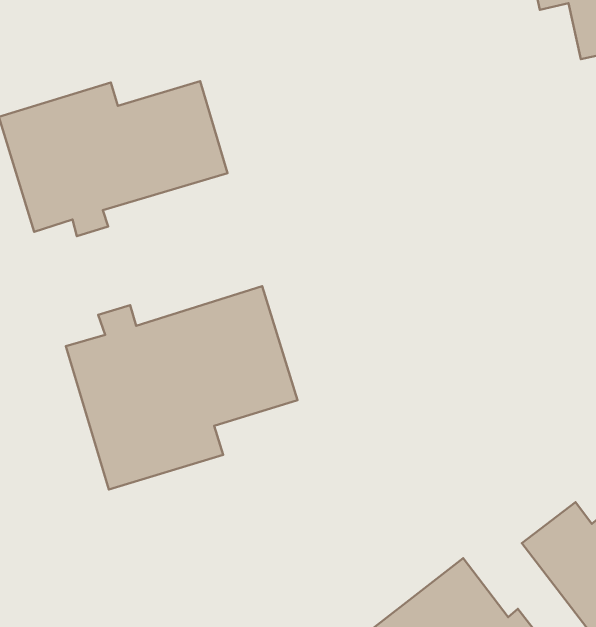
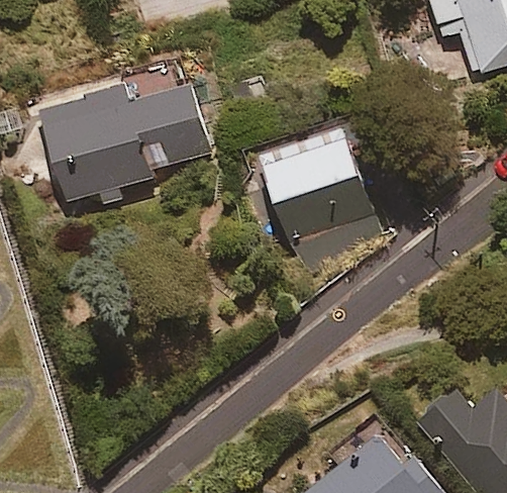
building: none -> [262,128,381,273]
building: [66,286,297,490] -> none

